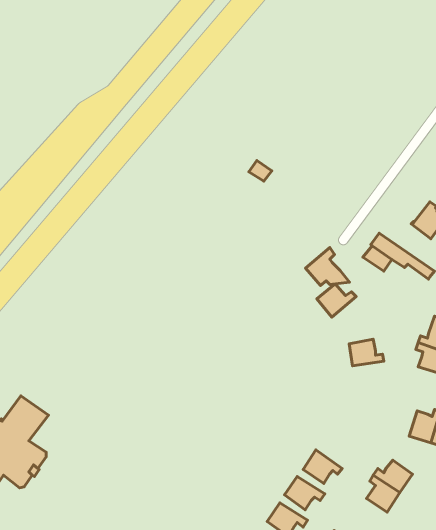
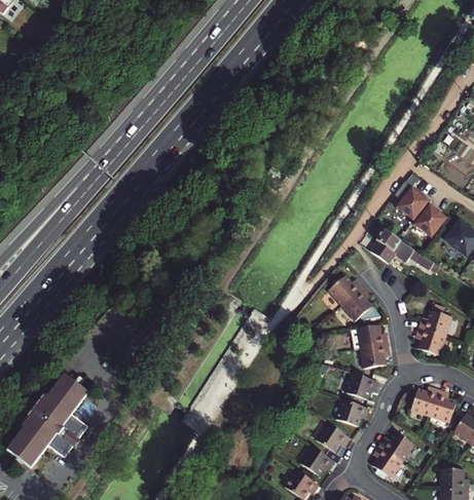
building: none -> [397,189,430,220]
building: [306,248,349,286] -> [341,285,380,319]
building: none -> [360,343,389,368]
building: none -> [344,372,378,398]
building: none -> [335,398,369,425]

